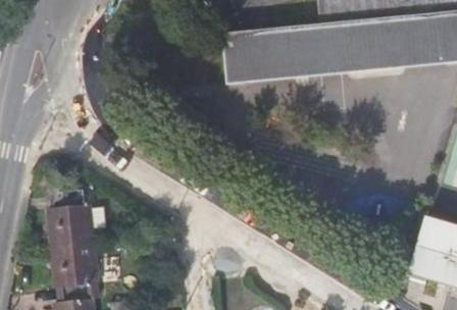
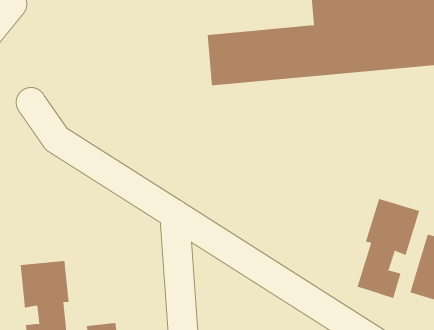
building: none -> [357,198,420,299]
building: [48,191,93,248] -> none

